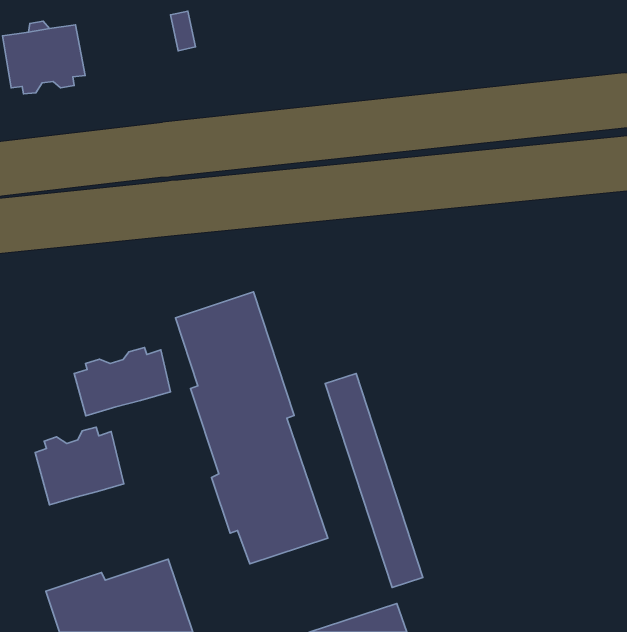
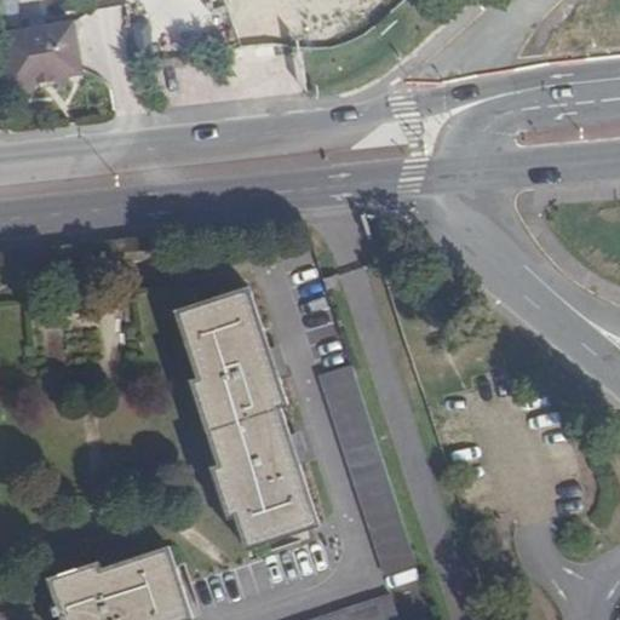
building: [74,348,171,416] -> none
building: [35,427,124,505] -> none

